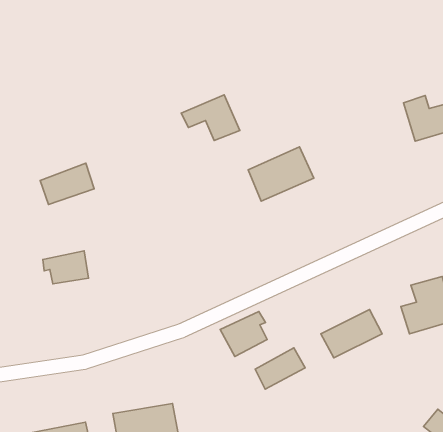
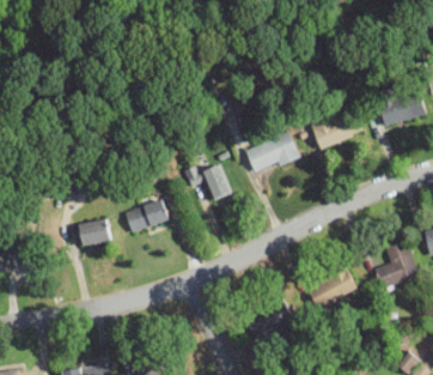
building: [181,95,240,140] -> [183,162,232,200]
building: none -> [310,109,362,150]
building: [40,163,94,205] -> [124,199,170,234]
building: [220,311,267,357] -> none

